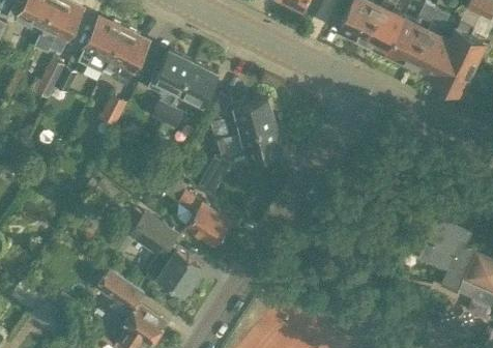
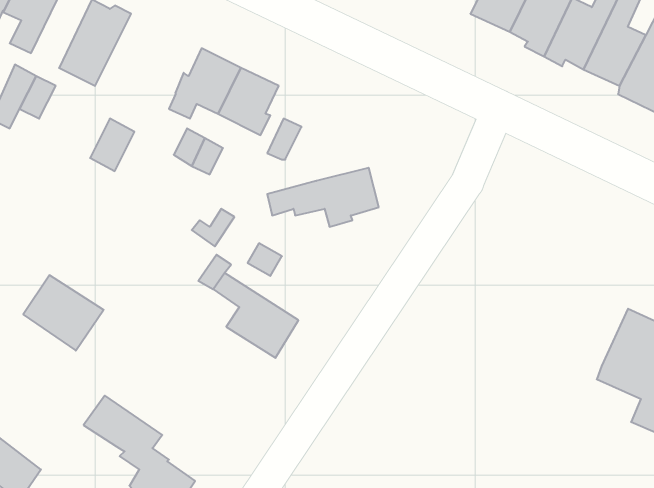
building: [103,29,148,86] -> none
building: [235,99,276,135] -> none
building: [129,210,180,258] -> [23,275,104,351]
building: [160,252,203,296] -> none

